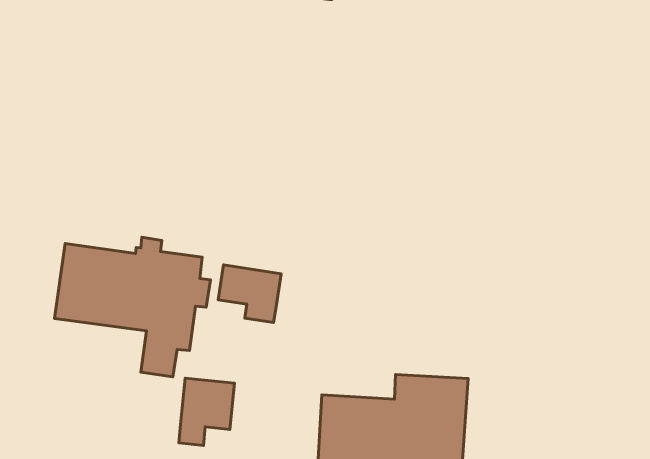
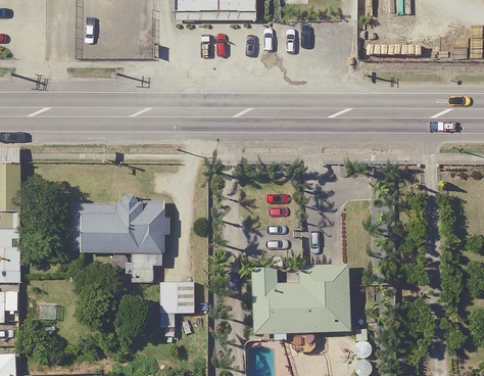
building: [218,265,281,323] -> none

